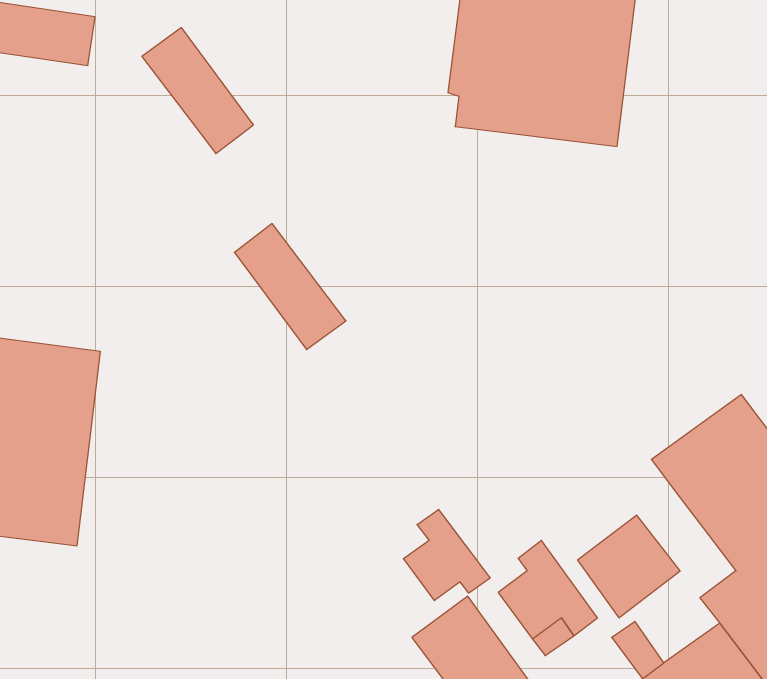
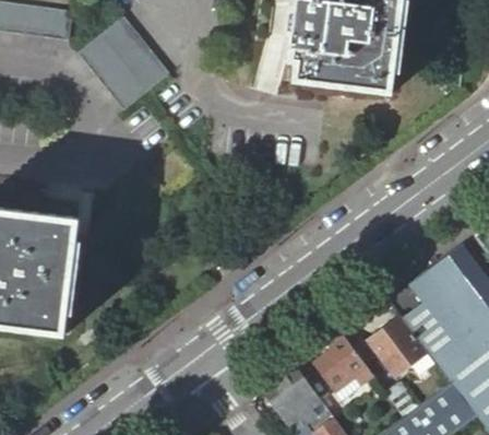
building: [234,224,346,350] -> [77,37,145,114]
building: none -> [401,299,461,366]
building: [403,509,490,601] -> none

